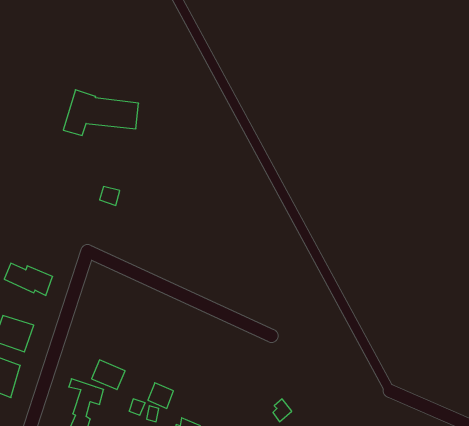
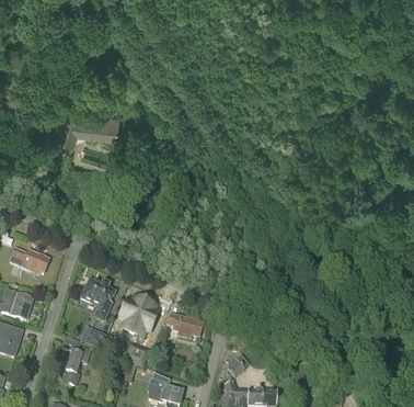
building: none -> [81,279,114,320]
building: none -> [122,297,156,335]
building: none -> [166,313,203,338]

